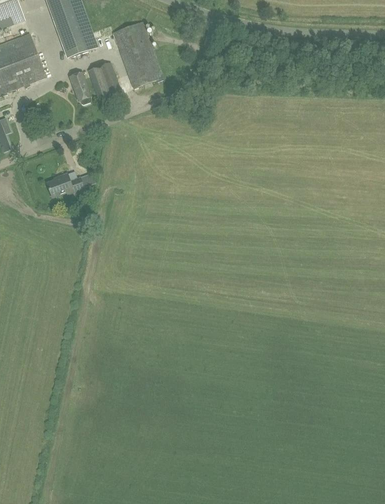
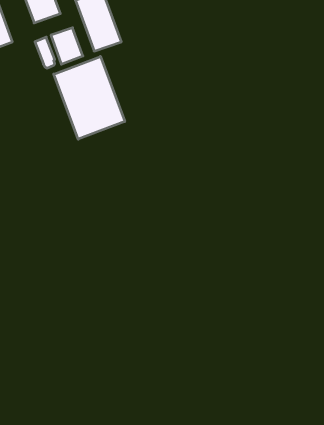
building: none -> [54,56,125,139]
building: [45,172,82,197] -> none

